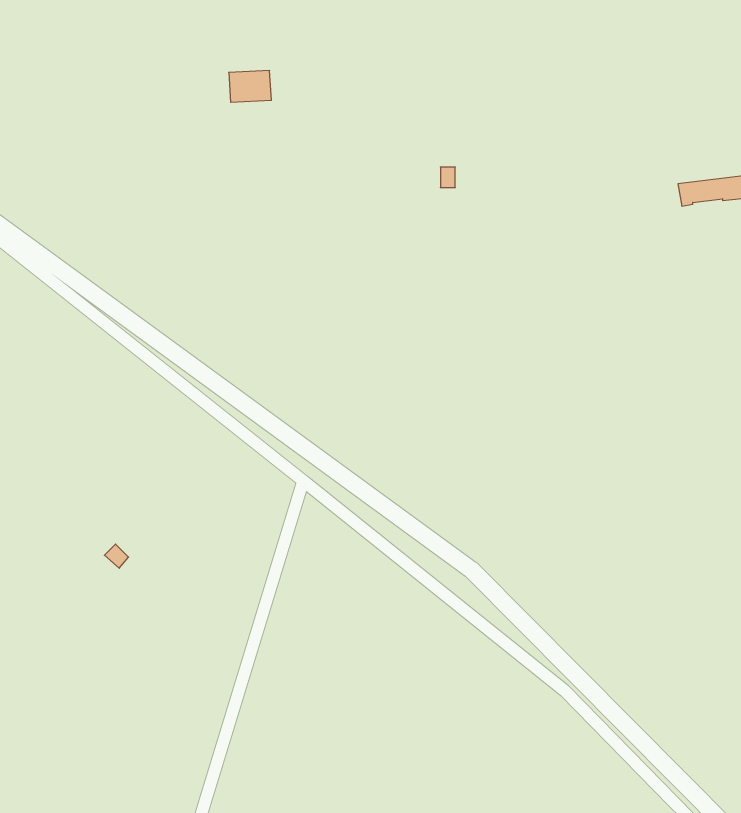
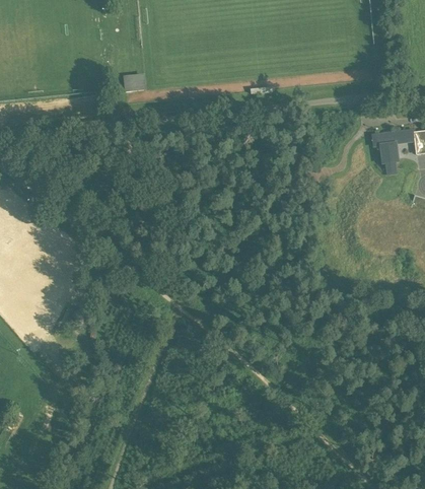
building: none -> [379,141,398,173]

